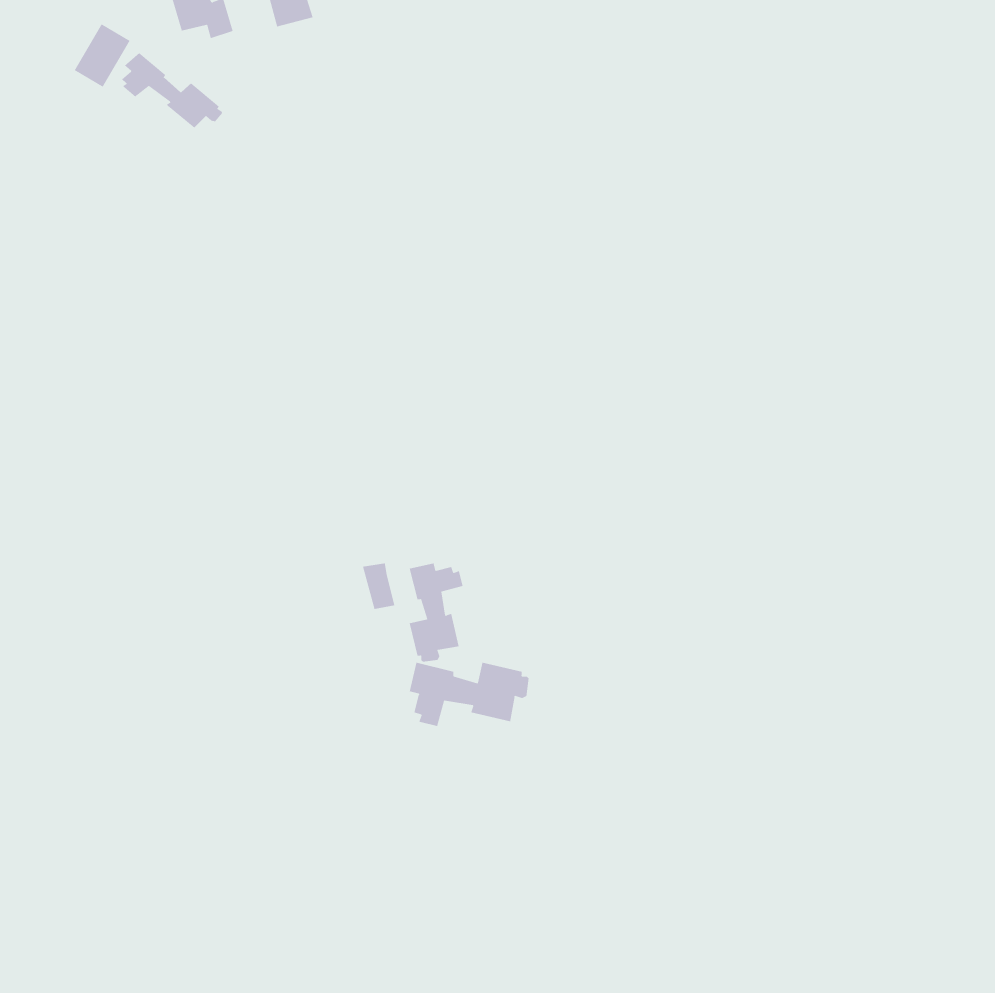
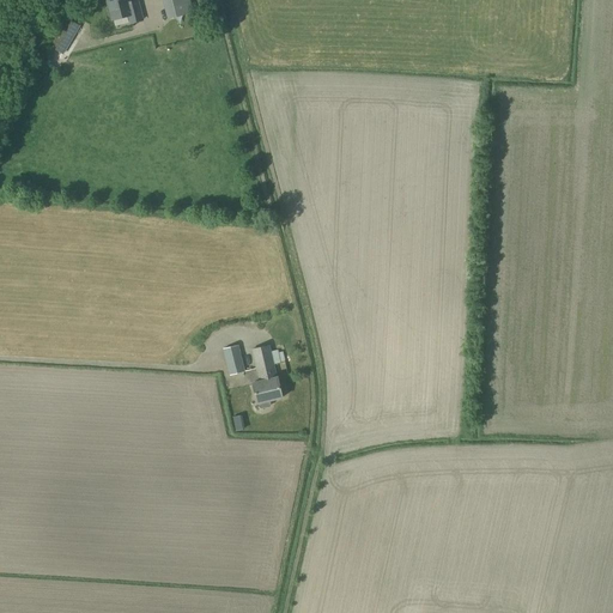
building: [121,52,223,128] -> none
building: [409,662,529,727] -> none

